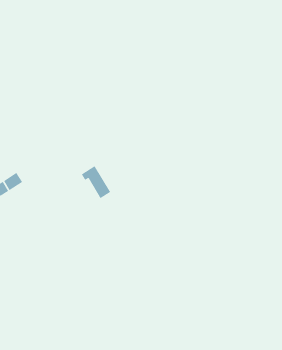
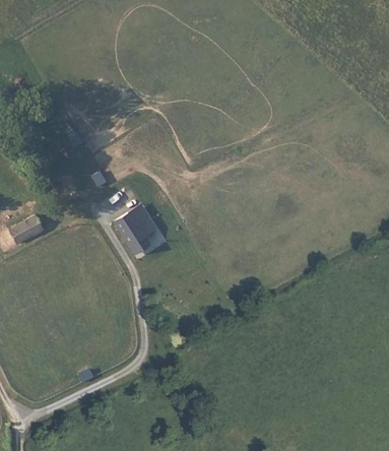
building: none -> [130,209,159,248]

